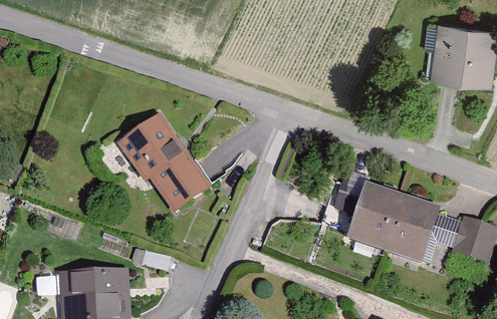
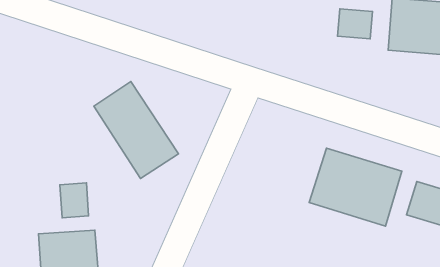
building: none -> [337,9,373,39]
building: none -> [60,183,89,218]

